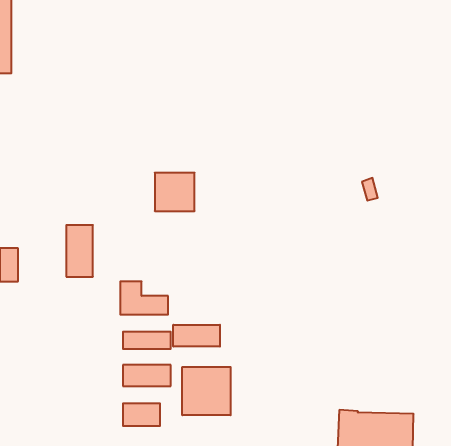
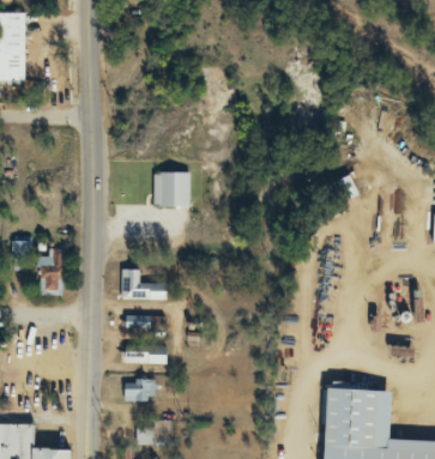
building: [66,225,93,277] -> [41,248,65,295]
building: [173,325,220,347] -> none
building: [182,367,231,415] -> none

